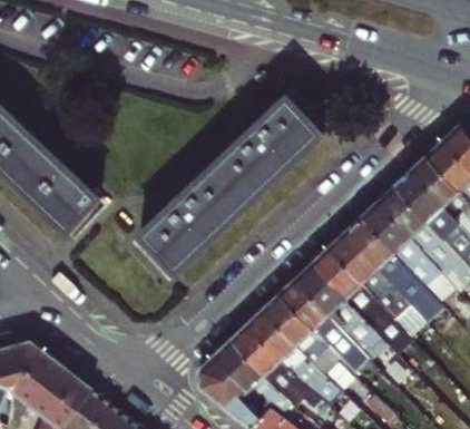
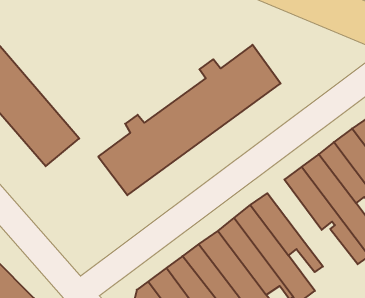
building: [326,234,410,313] -> none

